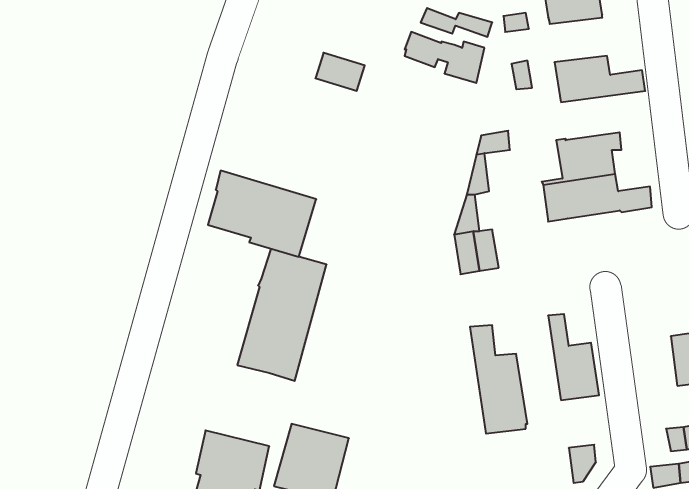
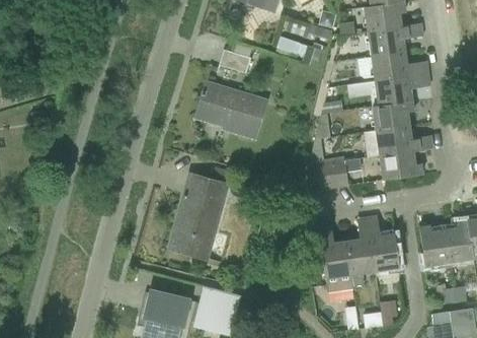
building: none -> [369,22,424,55]
building: none -> [376,73,431,105]
building: [208,171,316,257] -> [197,82,266,137]
building: none -> [380,149,423,179]
building: none -> [332,157,362,186]
building: none -> [347,216,376,285]
building: none -> [420,224,450,265]

